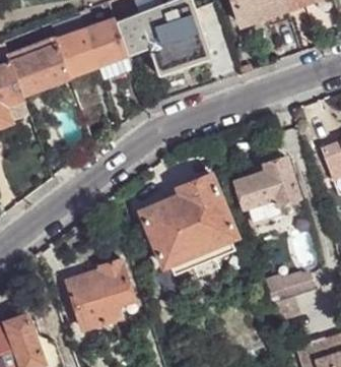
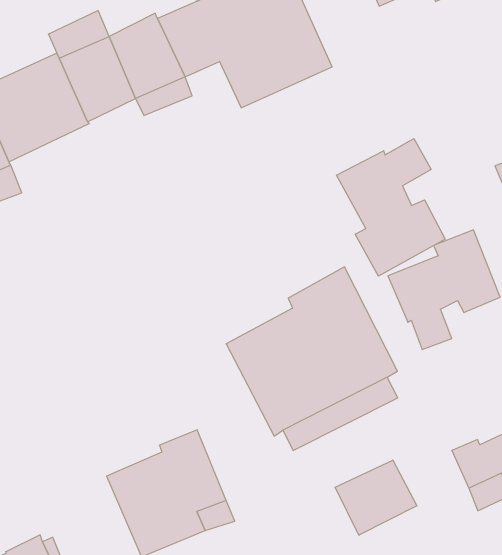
building: none -> [337,139,445,276]
building: none -> [335,460,417,535]

